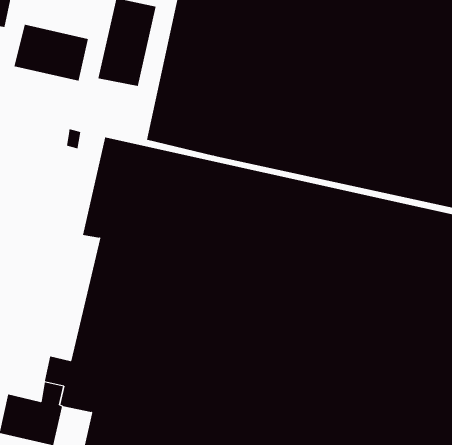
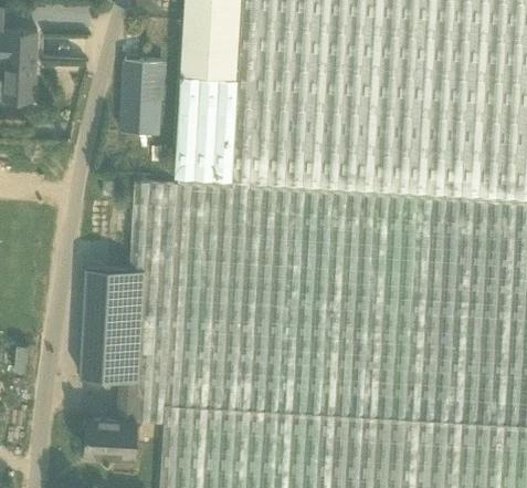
building: [14,24,89,81] -> none
building: none -> [82,266,146,378]

